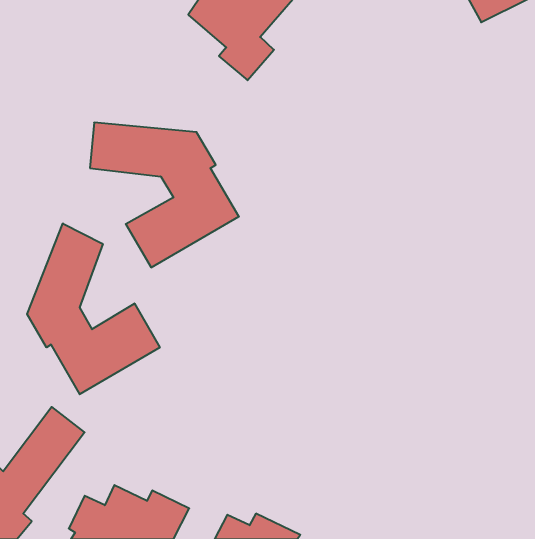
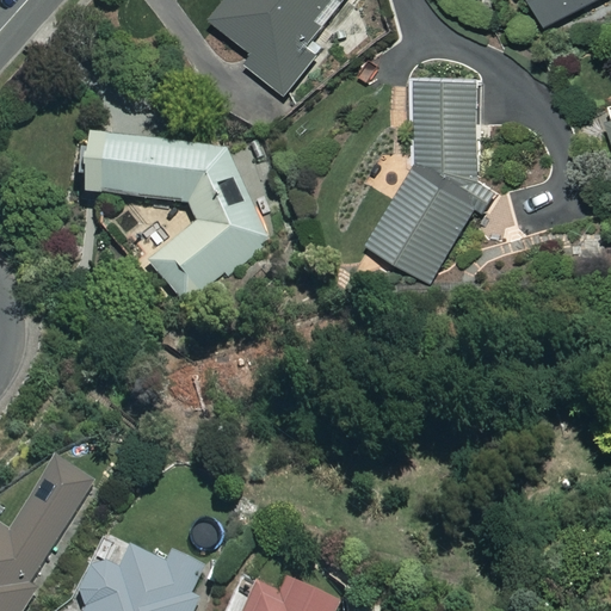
building: none -> [366,82,479,282]
building: [27,223,160,394] -> none

